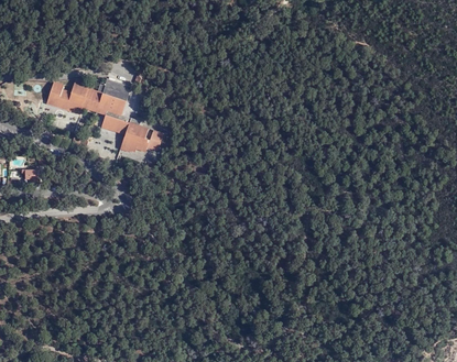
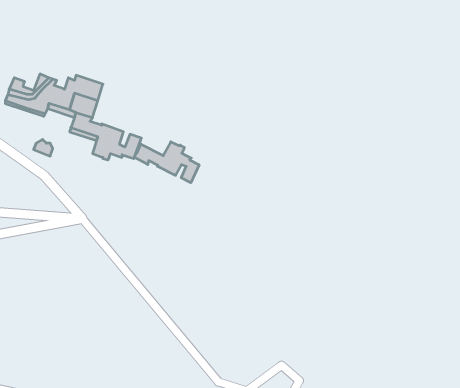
building: none -> [134,142,199,183]

